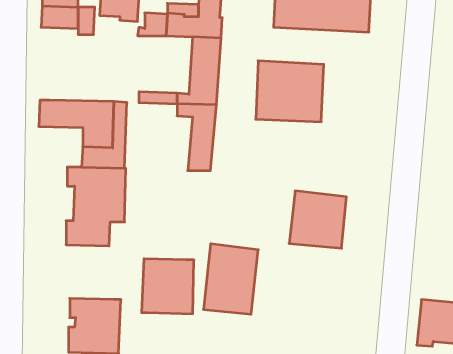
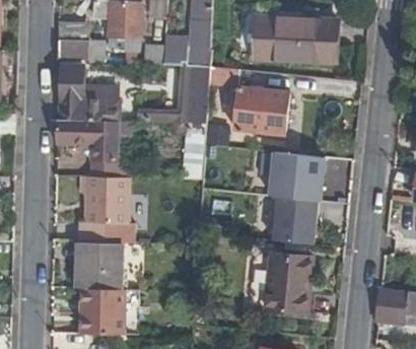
building: none -> [60,66,119,121]
building: none -> [266,152,324,202]
building: [203,244,258,314] -> [266,253,313,312]
building: [142,259,194,314] -> [76,242,121,289]

